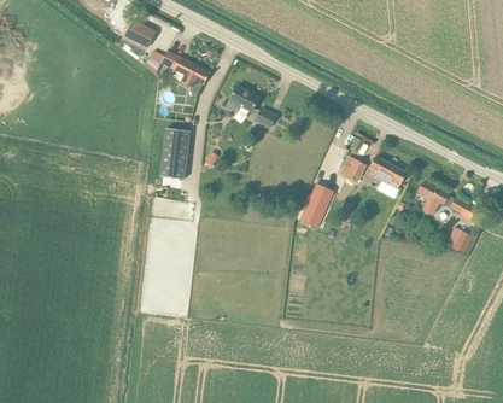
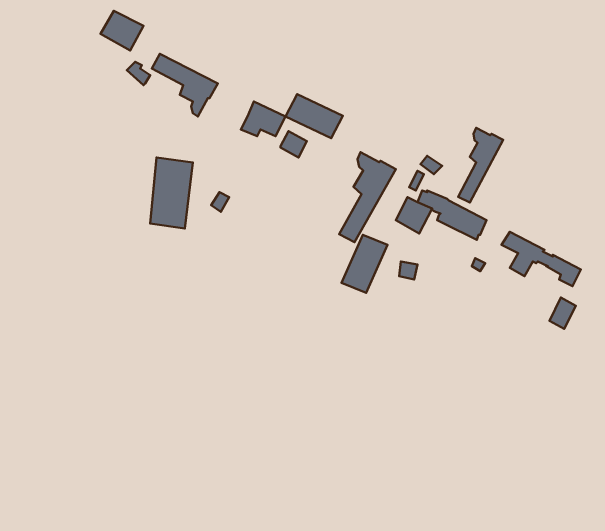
building: none -> [285,94,343,138]
building: none -> [458,128,503,203]
building: none -> [339,152,396,242]

